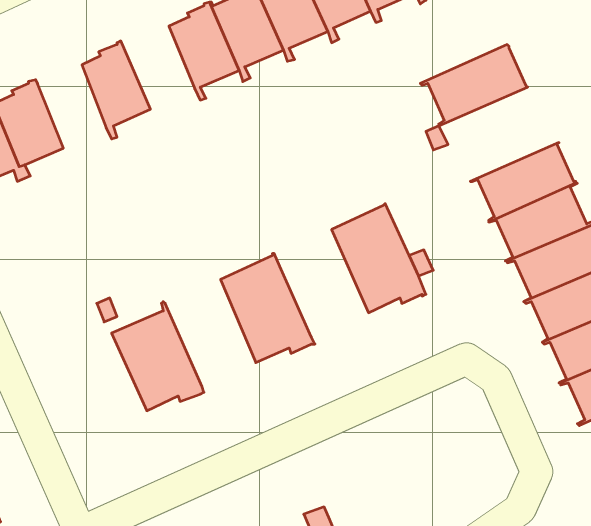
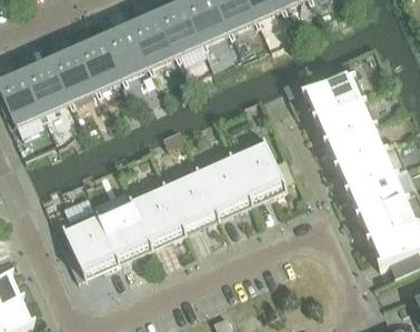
building: none -> [102,23,147,83]
building: [420,45,528,126] -> [301,71,366,120]
building: none -> [52,47,93,107]
building: none -> [198,148,252,213]
building: none -> [129,178,186,243]
building: none -> [60,208,119,276]

